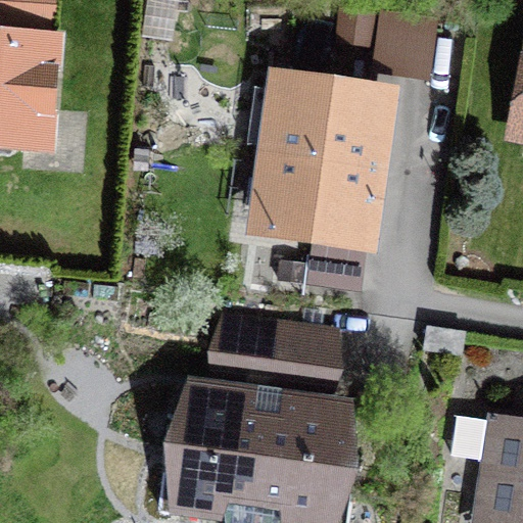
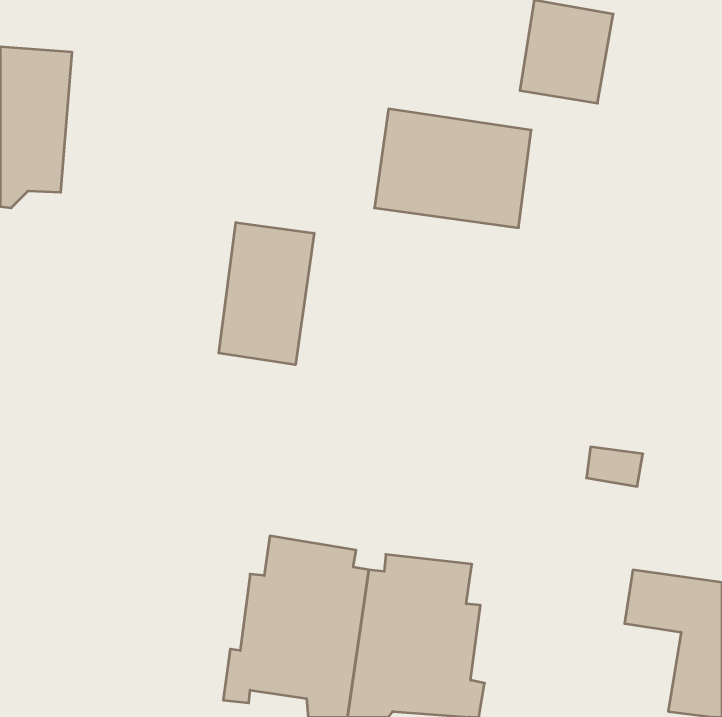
building: [260,150,375,235] -> none
building: none -> [219,222,314,365]
building: [219,313,333,385] -> none

